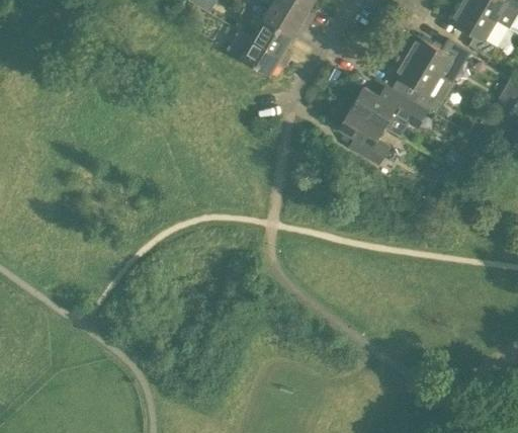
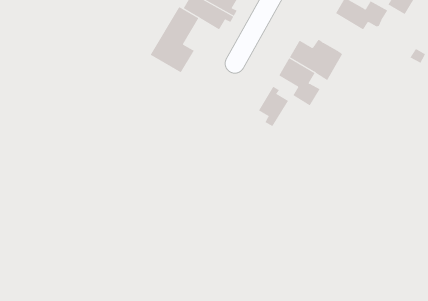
building: none -> [150,6,199,73]
building: [395,55,455,115] -> none
building: none -> [258,86,289,127]

